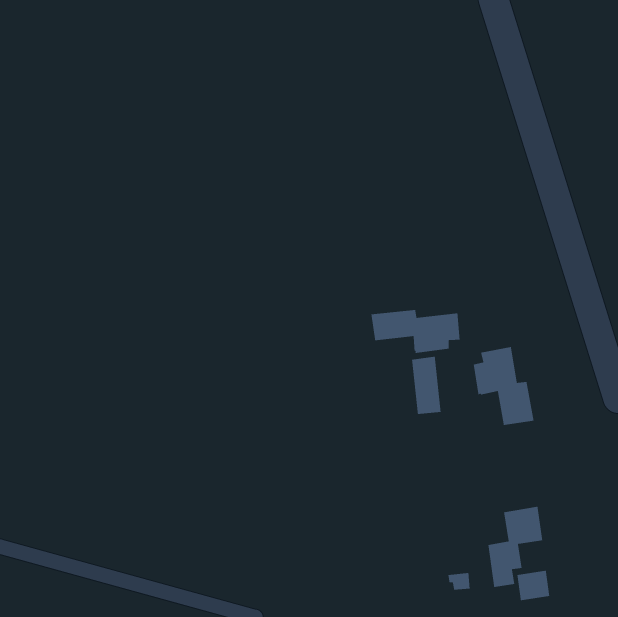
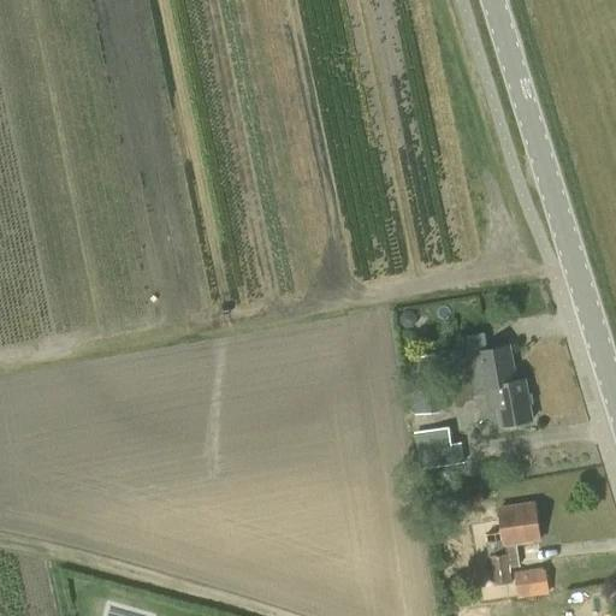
building: [371,309,461,354] -> none
building: none -> [415,426,464,468]

